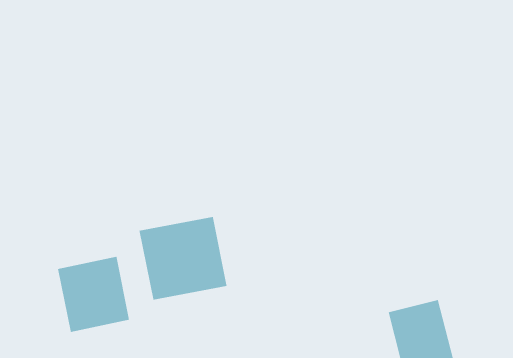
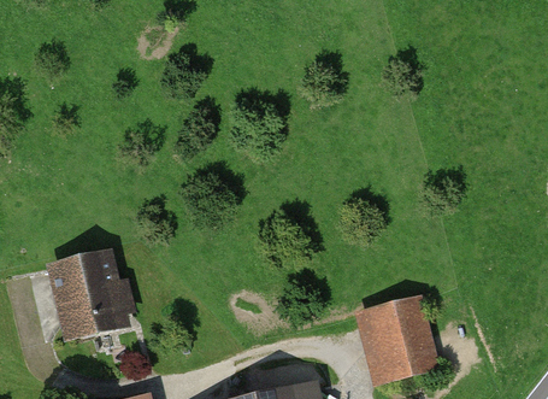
building: [139,216,227,301] -> none

